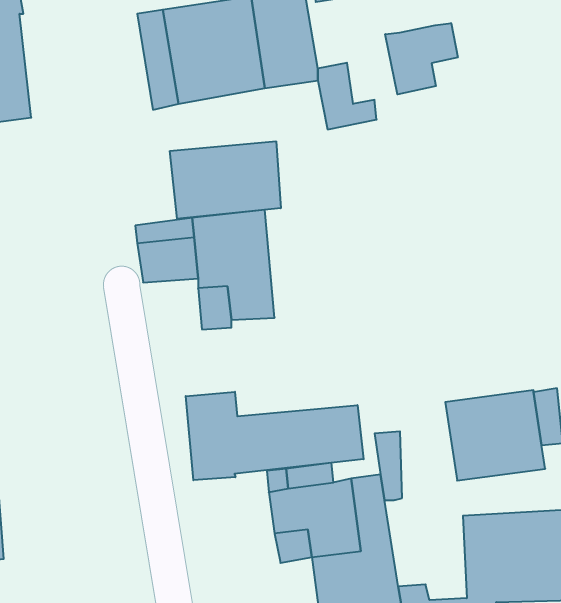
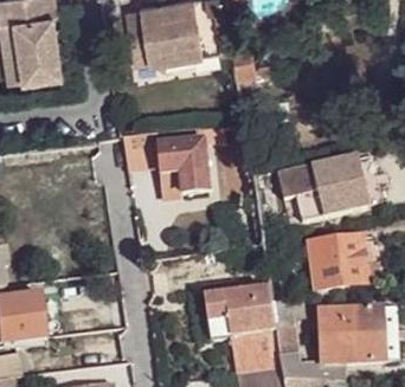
building: [385,23,458,94] -> none
building: [170,141,281,219] -> none
building: none -> [277,156,371,225]
building: [186,392,364,480] -> none

